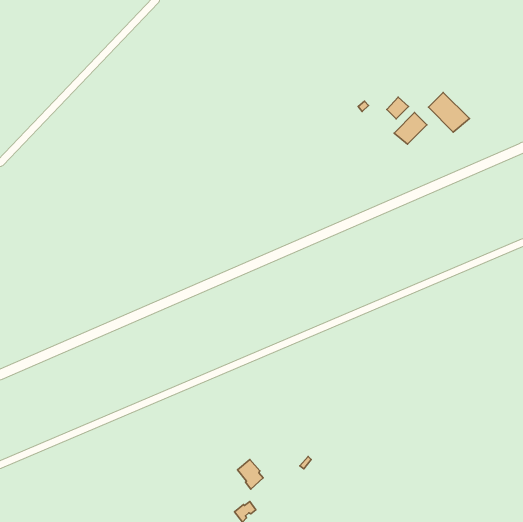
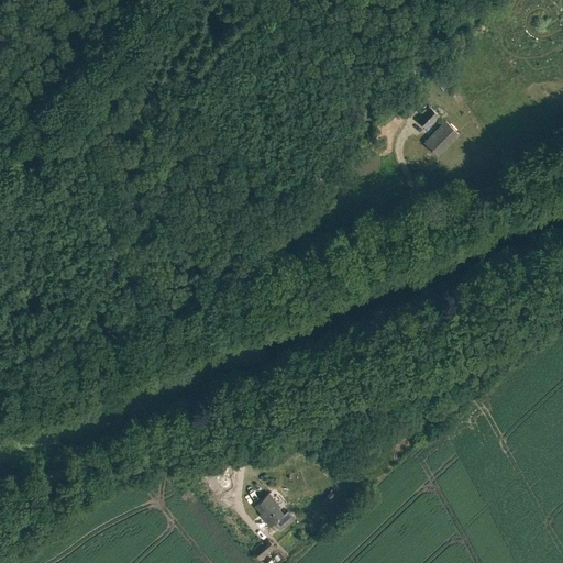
building: [428,92,469,132] -> none

